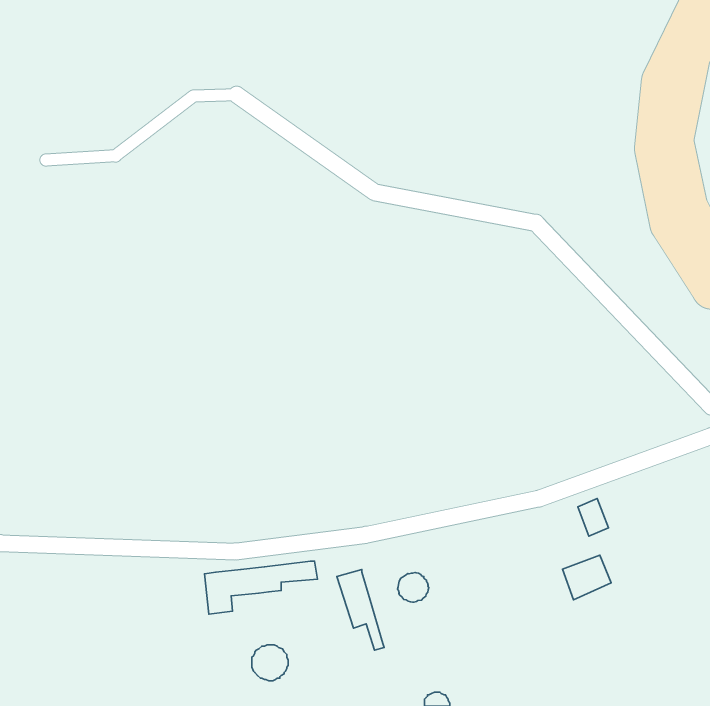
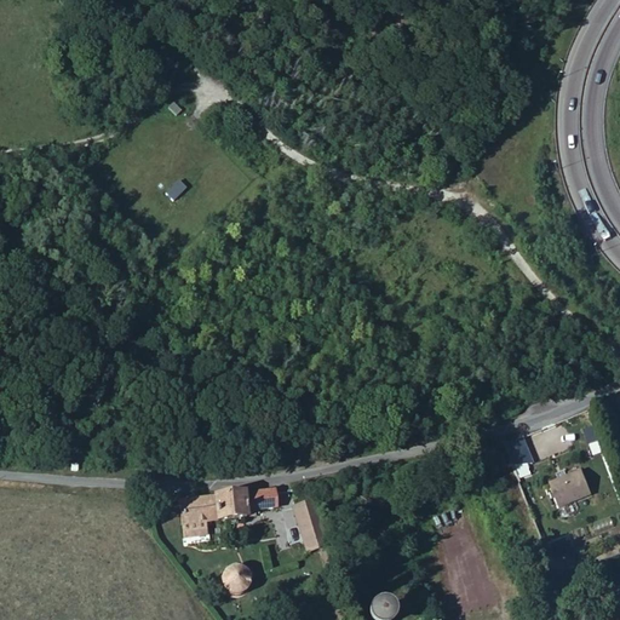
building: [562,555,611,600] -> [550,470,592,509]
building: [398,573,429,602] -> none

